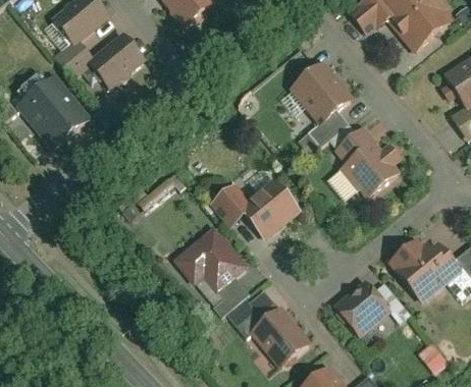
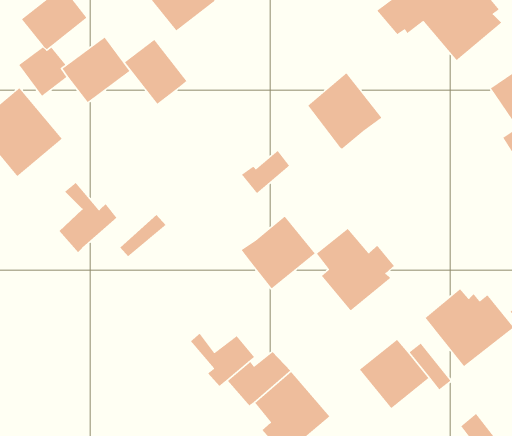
building: none -> [124,39,188,105]
building: [307,109,348,146] -> [241,150,290,194]
building: [337,127,403,197] -> [316,228,395,312]
building: none -> [58,182,117,253]
building: [211,183,248,226] -> none
building: [169,226,245,291] -> none

